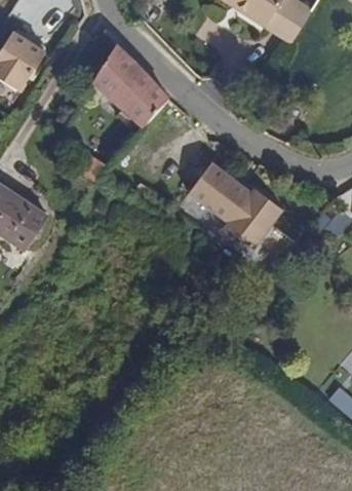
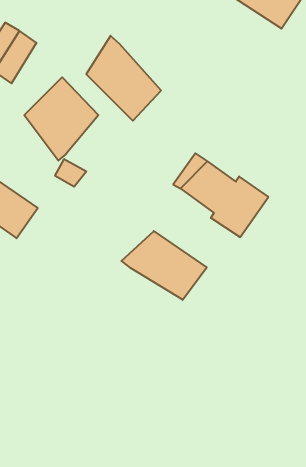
building: none -> [24,77,98,161]
building: none -> [121,231,207,300]

